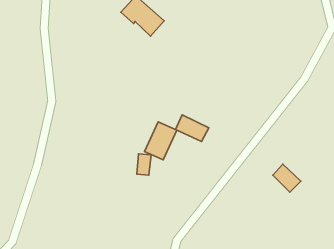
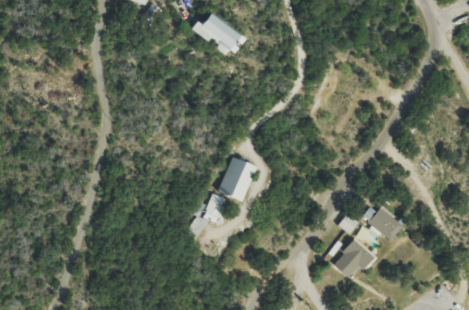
building: [175,115,209,141] -> none
building: none -> [333,239,374,280]

